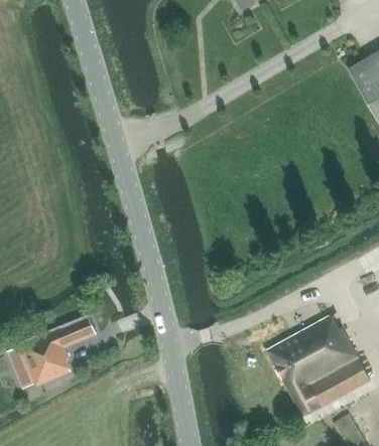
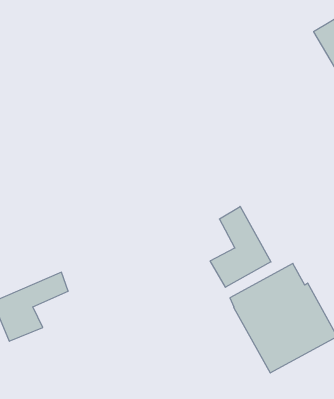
building: none -> [210,206,271,287]

